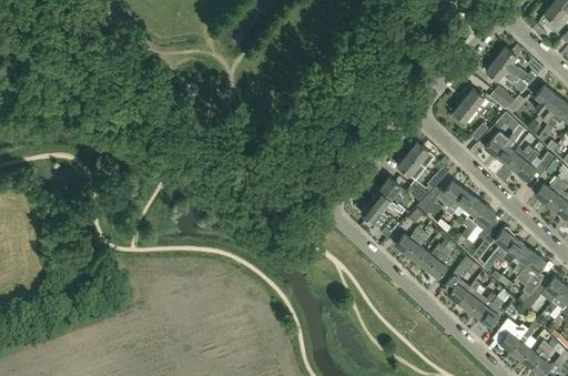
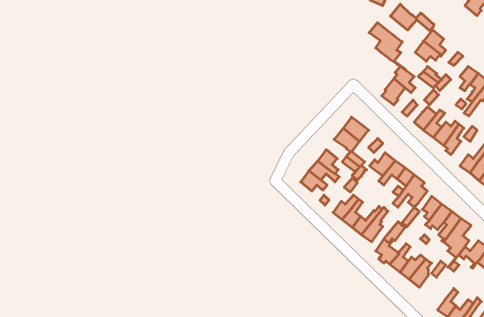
building: none -> [390,4,434,31]
building: none -> [369,23,405,69]
building: [493,319,528,353] -> none

